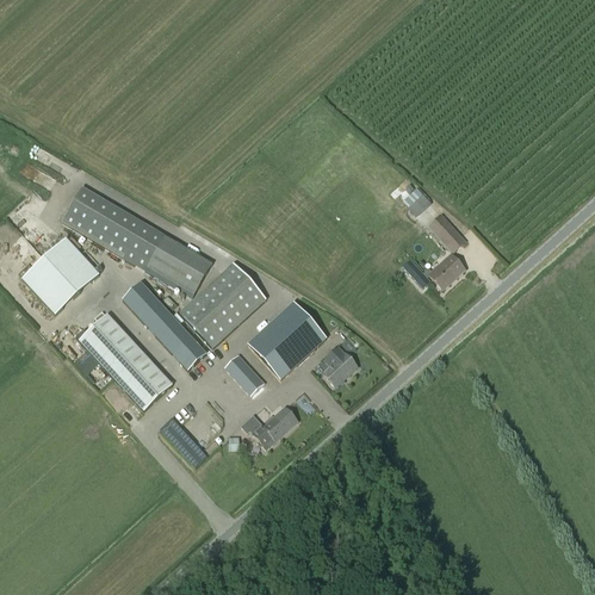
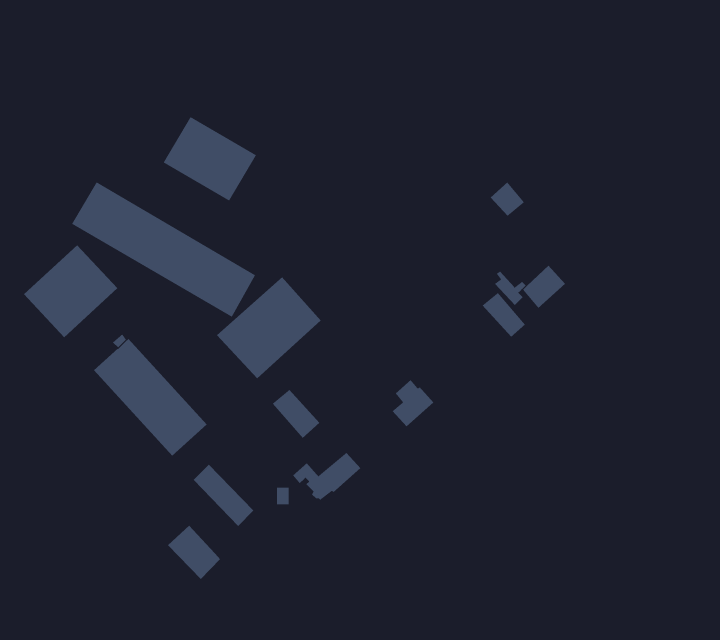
building: none -> [163,116,257,201]
building: [428,213,464,250] -> [482,292,526,338]
building: [122,280,206,368] -> none
building: [248,302,324,378] -> none
building: none -> [167,525,221,580]

